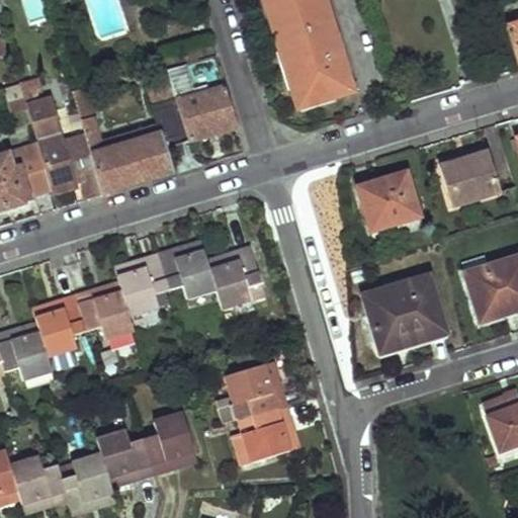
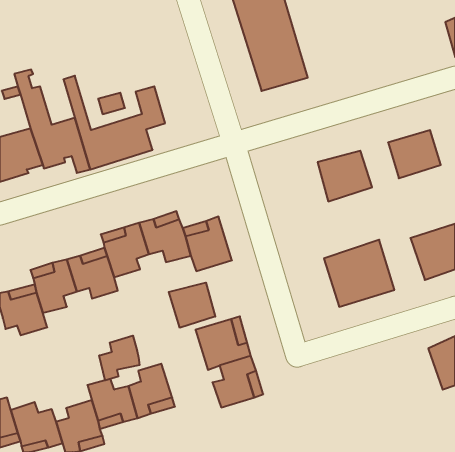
building: [175,54,237,140] -> none
building: none -> [169,283,215,328]
building: none -> [99,336,140,380]

